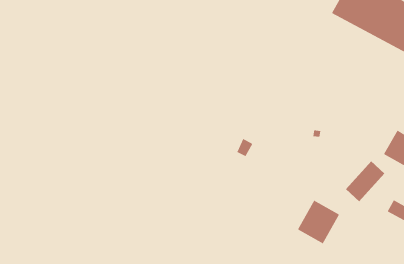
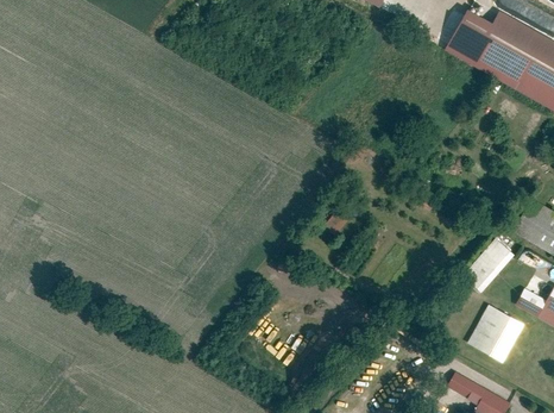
building: [297,200,340,244] -> [468,306,523,363]

